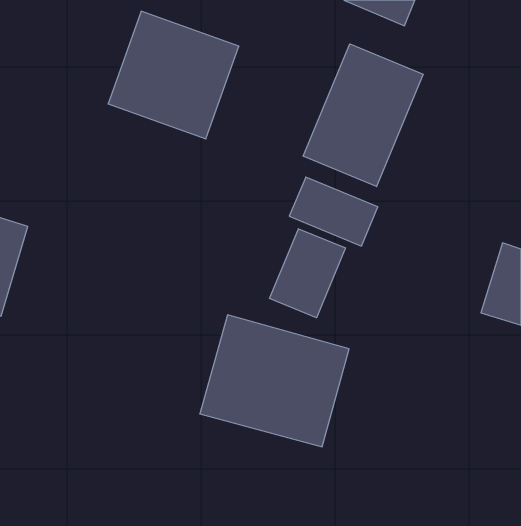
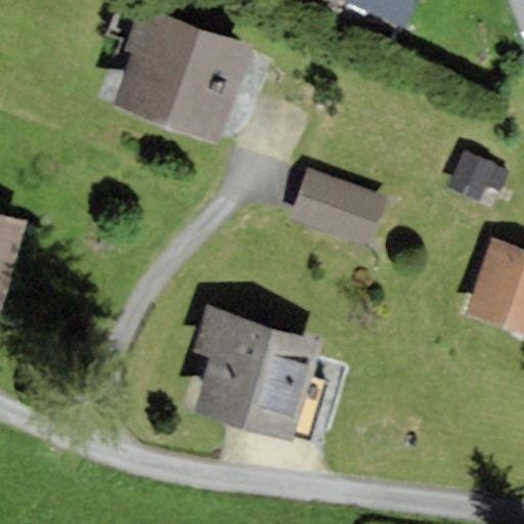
building: [303,44,423,187] -> none
building: [270,229,345,318] -> none

